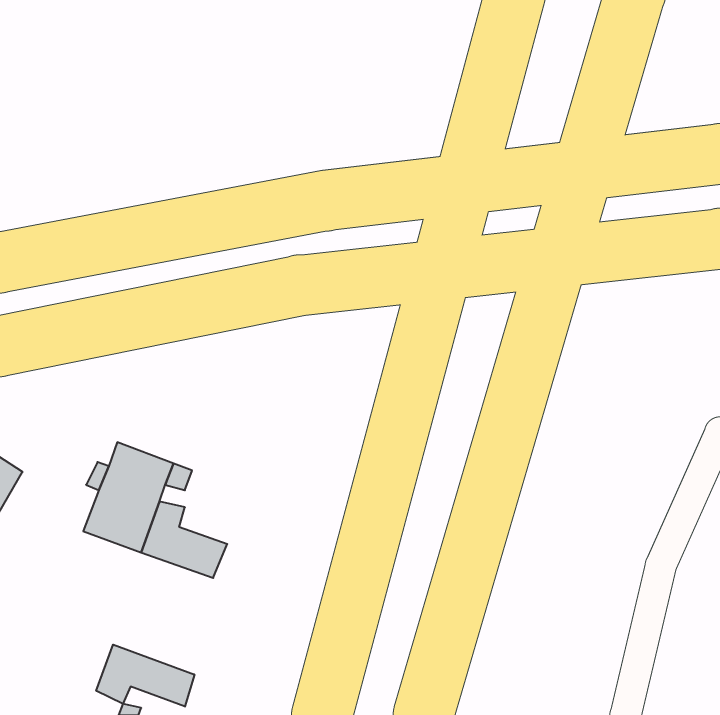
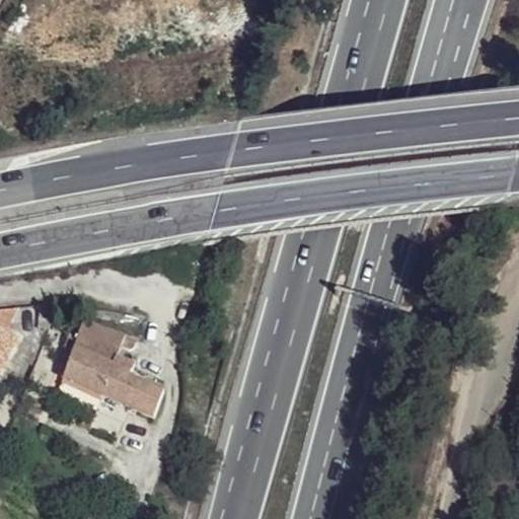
building: [96,645,194,707] -> none

